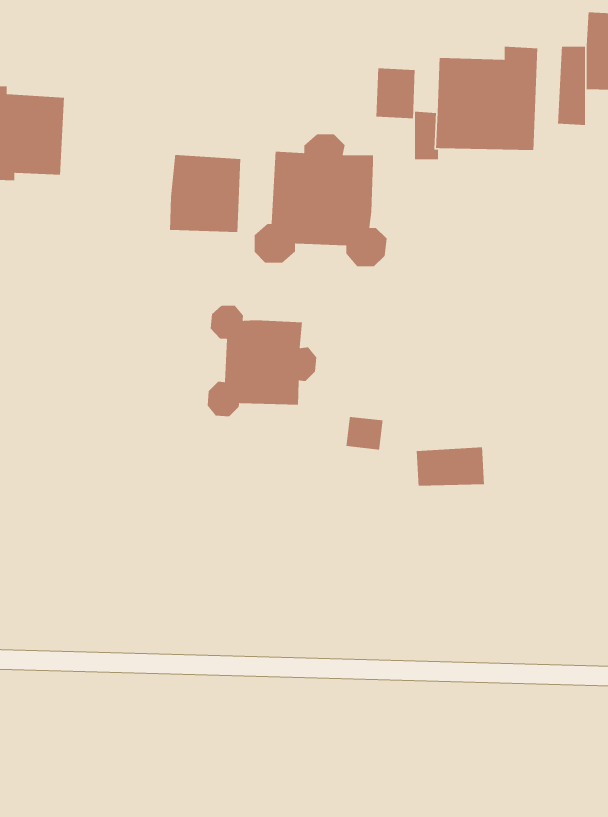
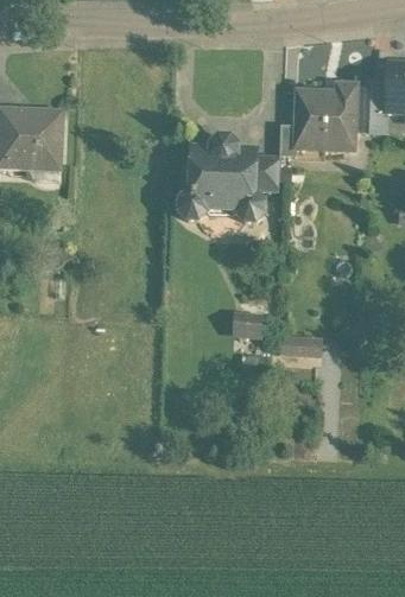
building: [376,68,416,119] -> [254,154,279,186]
building: [169,154,241,233] -> none
building: [207,305,317,417] -> none

